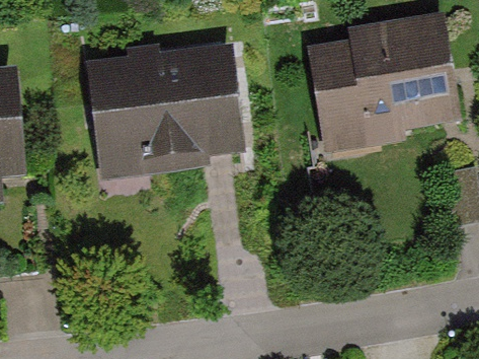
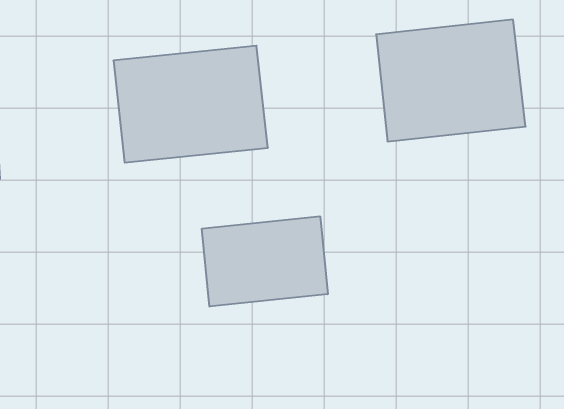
building: none -> [202,216,328,307]

